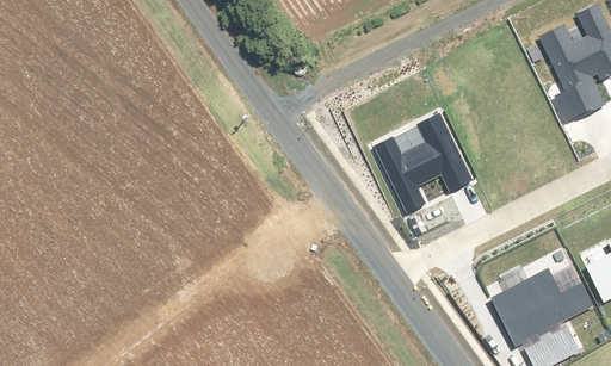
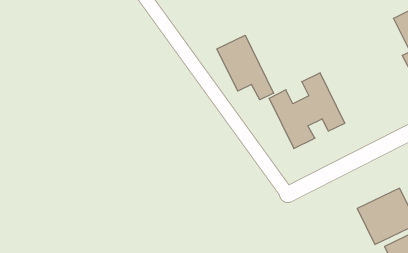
building: none -> [217,35,274,100]

